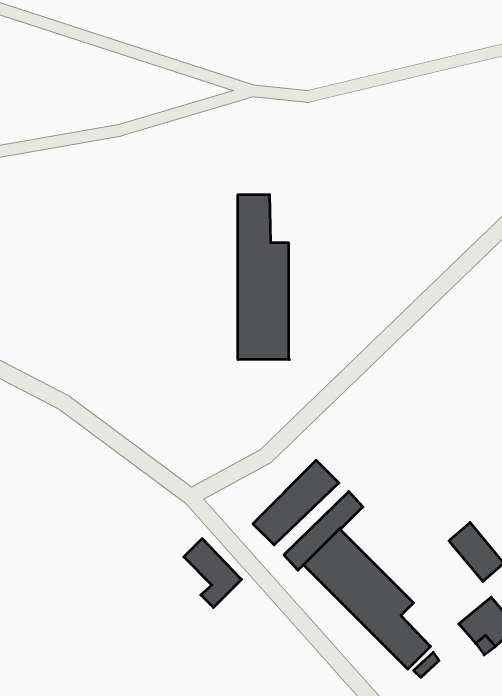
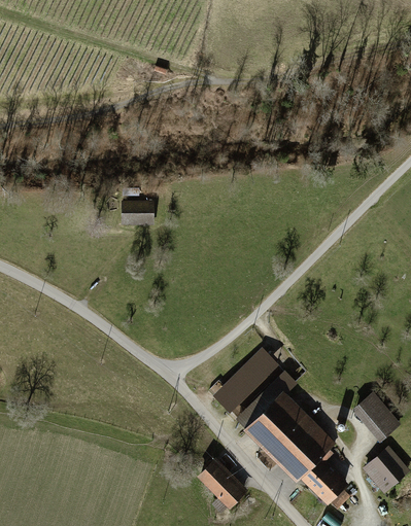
building: [238,195,289,360] -> none
building: none -> [122,202,152,222]
building: [184,539,242,608] -> [200,462,242,513]

